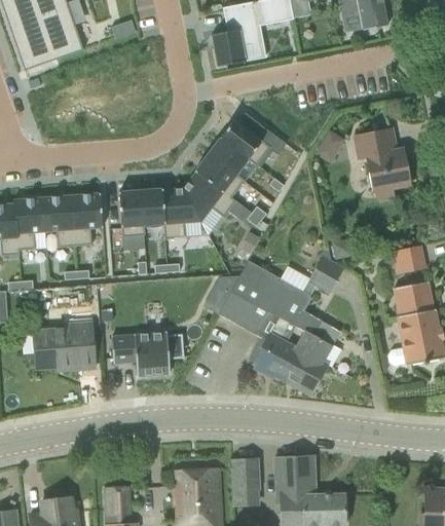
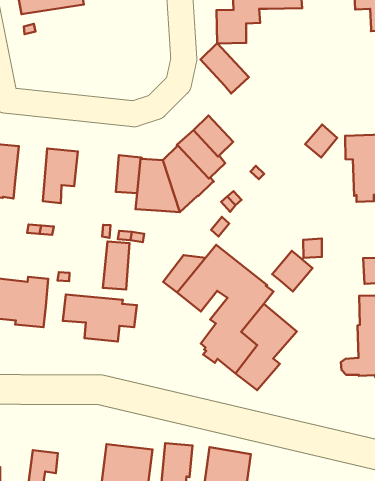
building: [221,119,270,165] -> [200,43,249,93]
building: [119,190,145,237] -> [103,242,130,289]
building: [43,195,75,248] -> none

